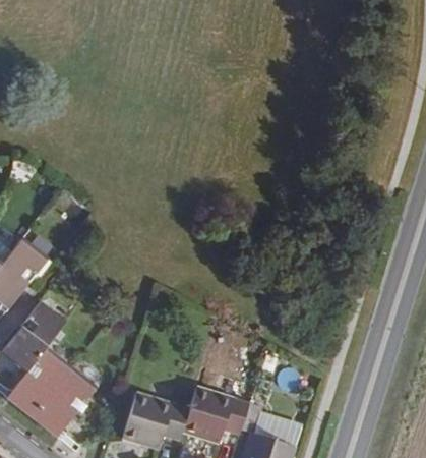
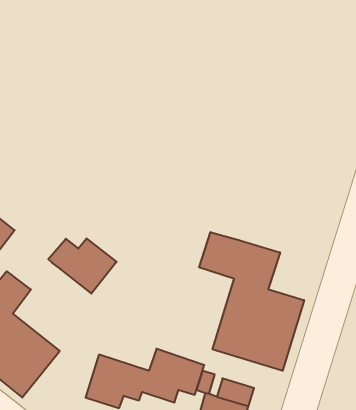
building: none -> [199,232,304,371]
building: none -> [48,238,117,294]

